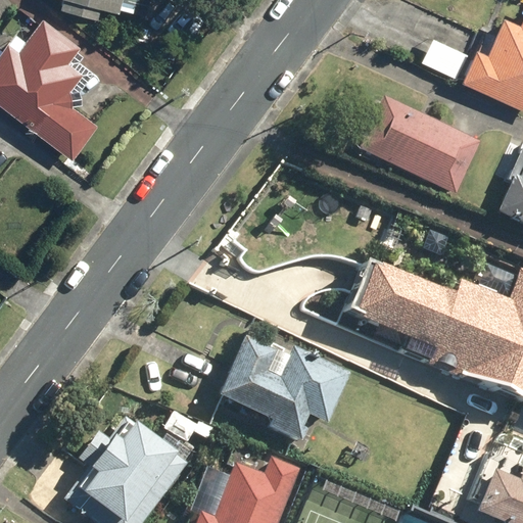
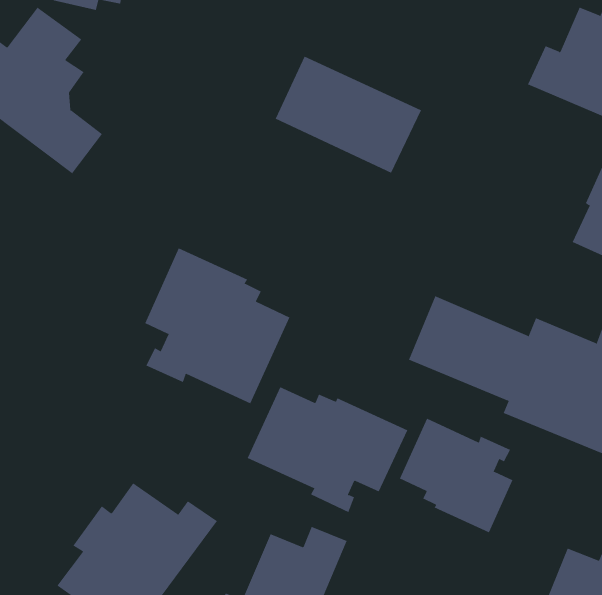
building: [356,97,480,196] -> [275,56,422,173]
building: none -> [145,247,290,404]
building: none -> [399,418,513,533]

